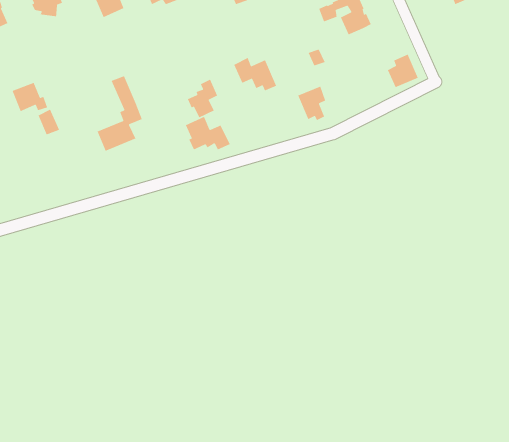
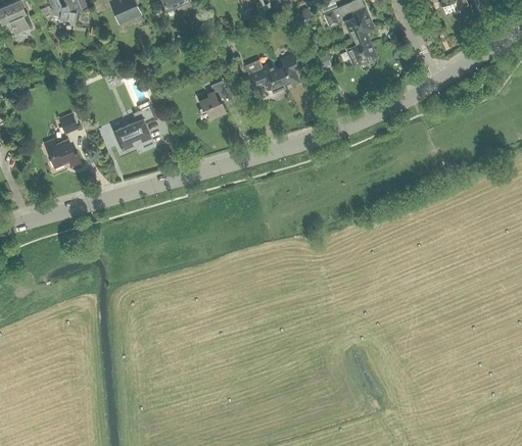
building: [387,54,419,88] -> [346,34,377,66]
building: [12,82,48,112] -> [47,139,82,167]
building: [297,86,326,121] -> [274,53,301,87]
building: [185,116,231,151] -> none

